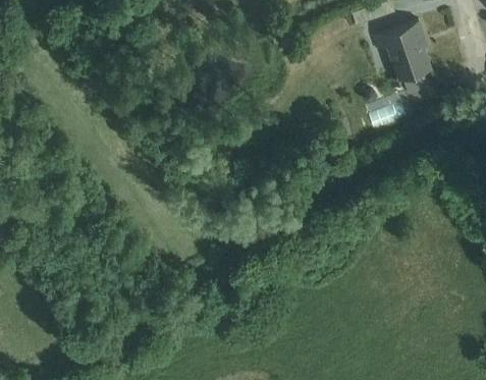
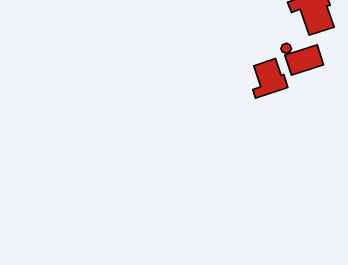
building: none -> [253,58,288,98]

